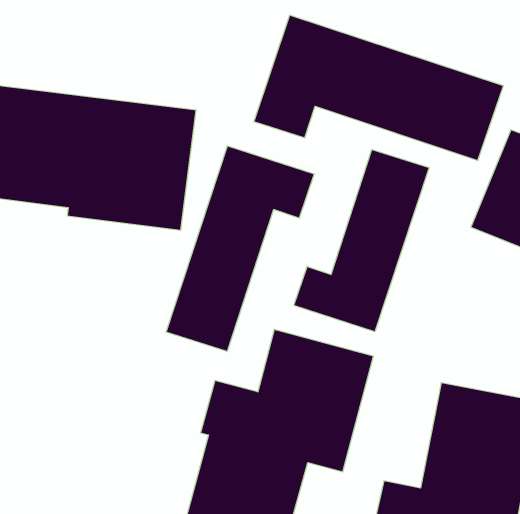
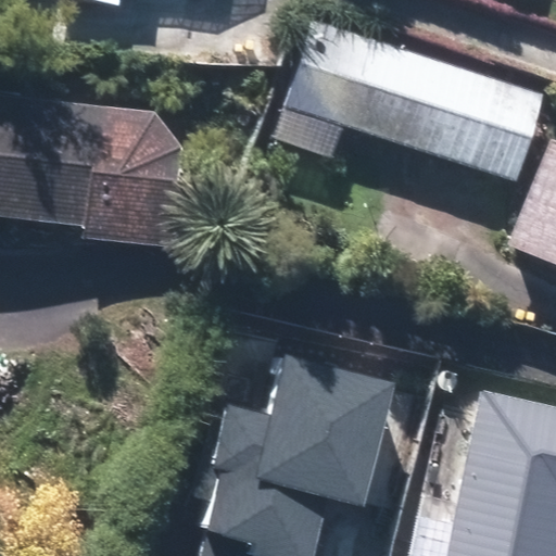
building: [166,146,314,352] -> none
building: [294,149,429,332] -> none

